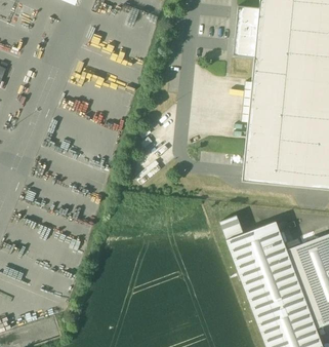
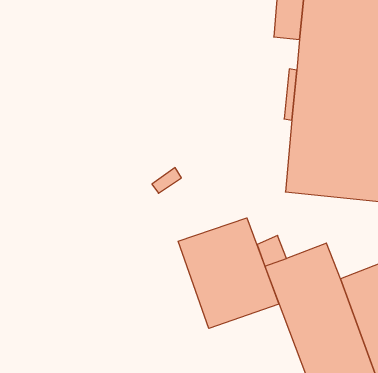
building: none -> [178,218,279,328]

